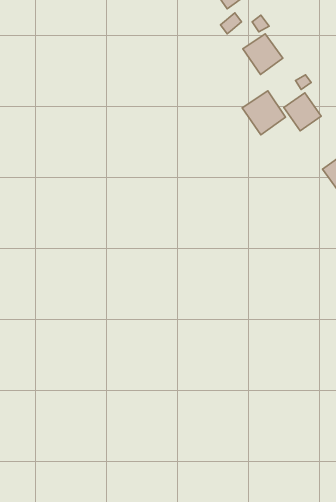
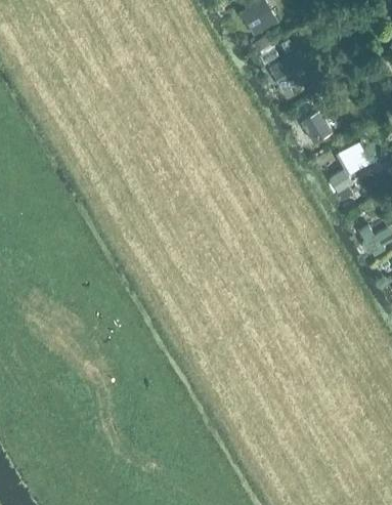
building: [242,91,285,135] -> none

